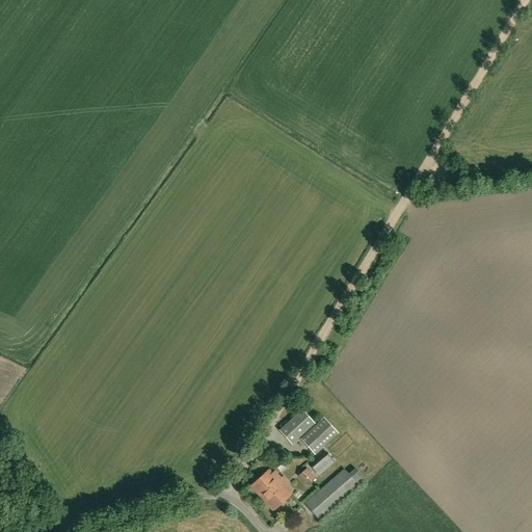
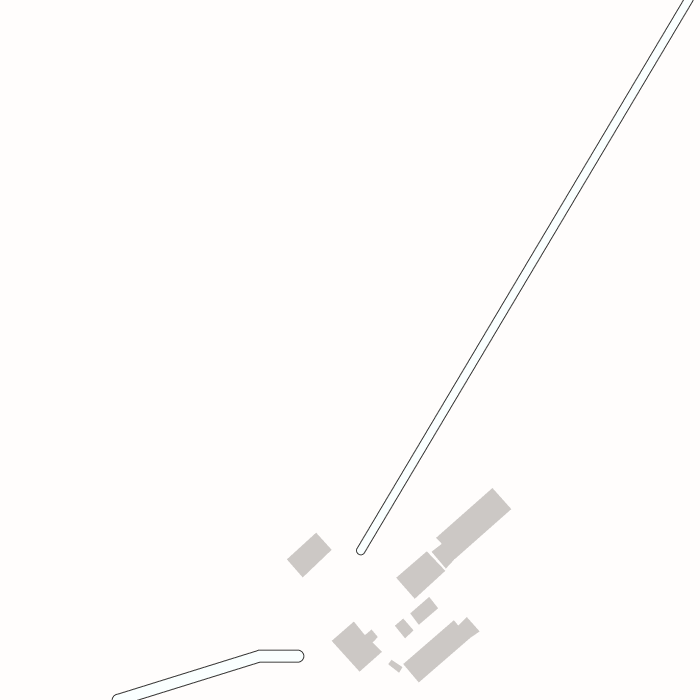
building: none -> [430,487,512,569]
building: [278,408,314,444] -> [286,532,333,579]

